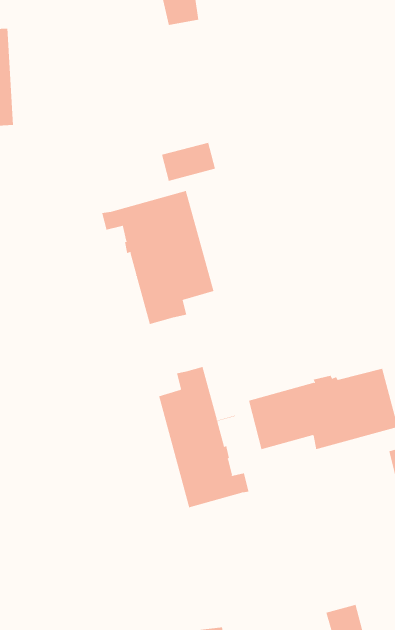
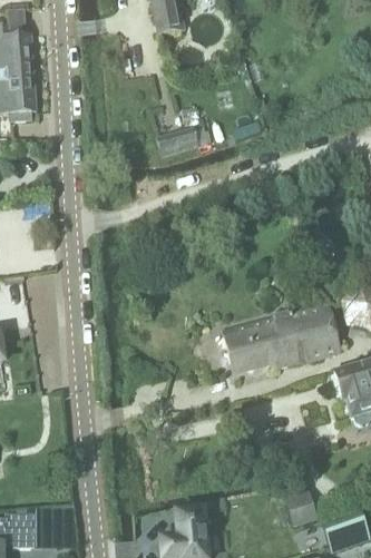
building: [102,190,214,325] -> none
building: [158,366,249,508] -> none

